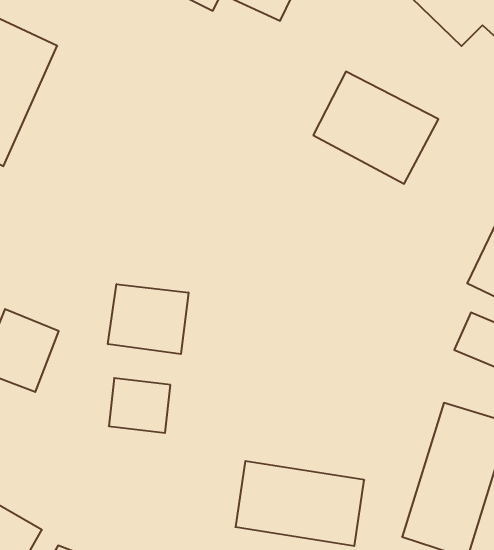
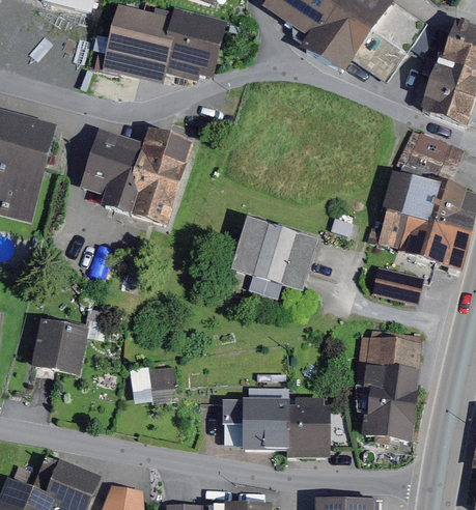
building: none -> [79,130,192,225]
building: [313,72,438,184] -> [229,218,317,291]
building: [108,284,188,354] -> none

